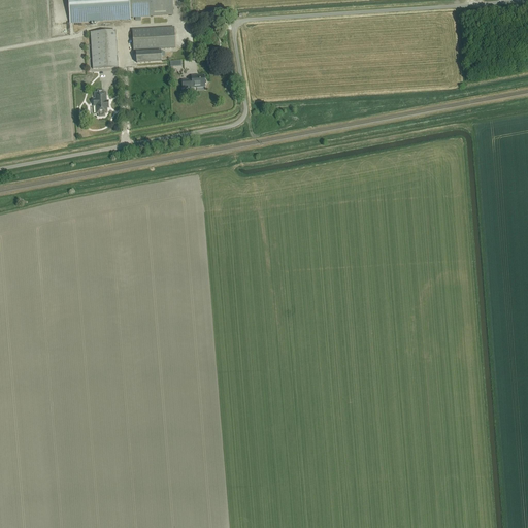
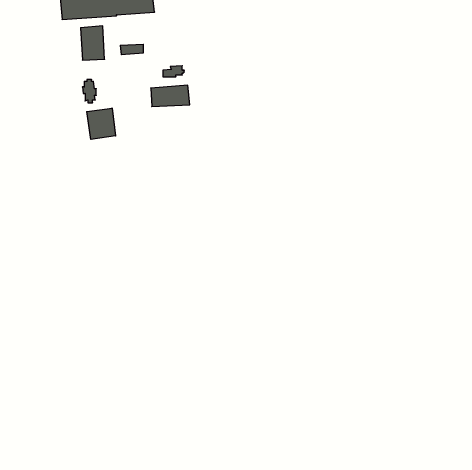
building: [131,25,174,48] -> [151,85,190,107]
building: none -> [87,108,116,139]

